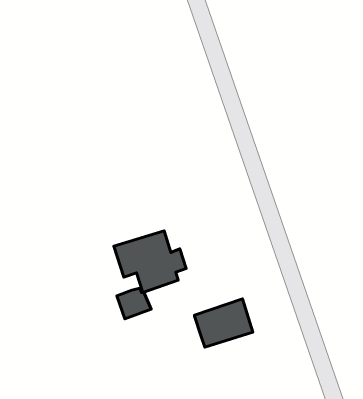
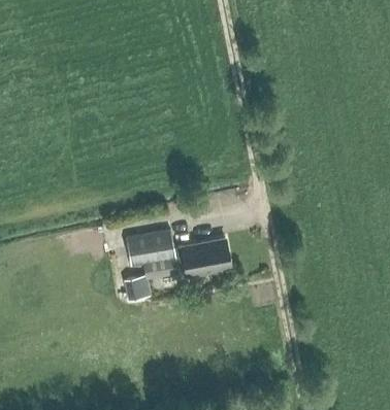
building: [194,299,253,347] -> [183,240,231,277]

